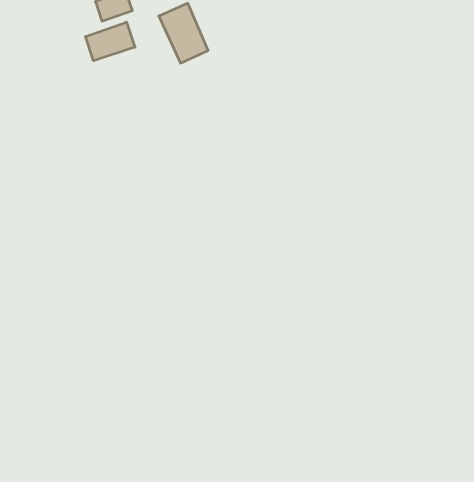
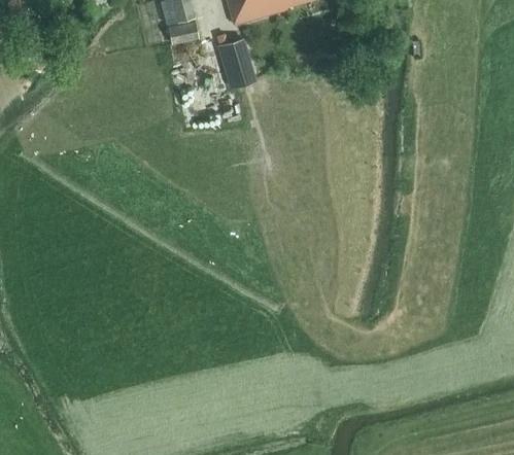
building: [86,22,135,61] -> none

